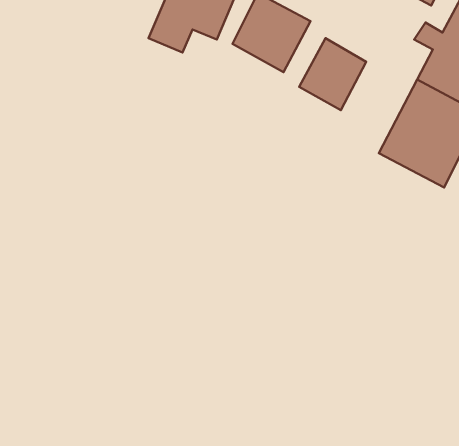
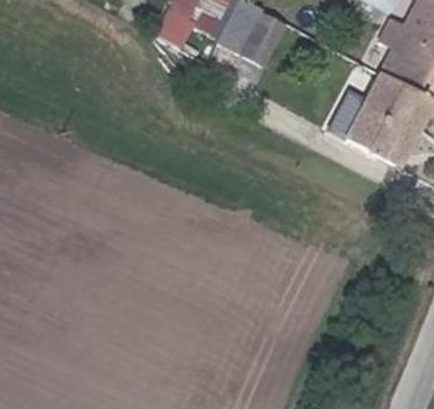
building: [299,38,366,110] -> none

